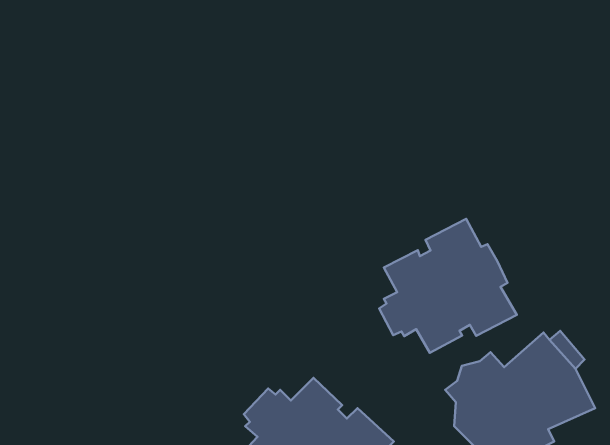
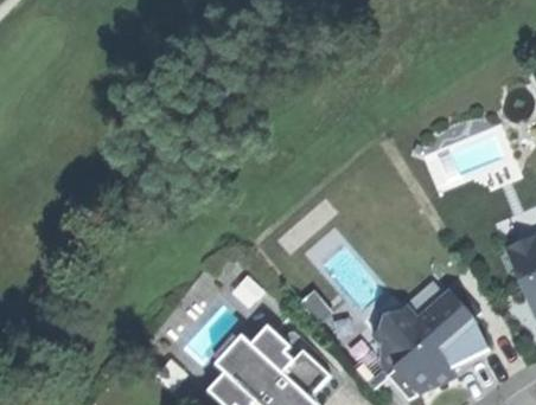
building: [379,219,517,353] -> none

